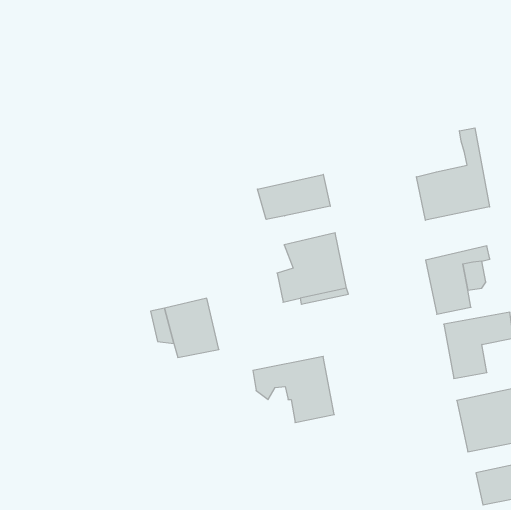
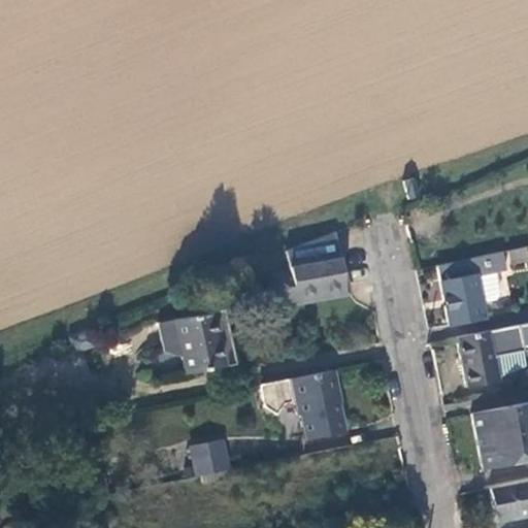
building: [416,128,490,220] -> none
building: [257,174,330,219] -> none
building: none -> [196,441,233,476]

